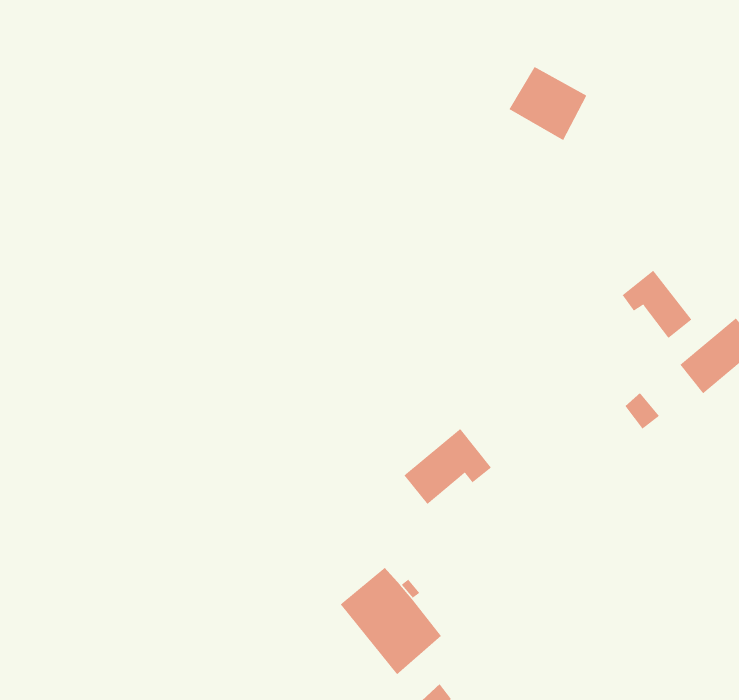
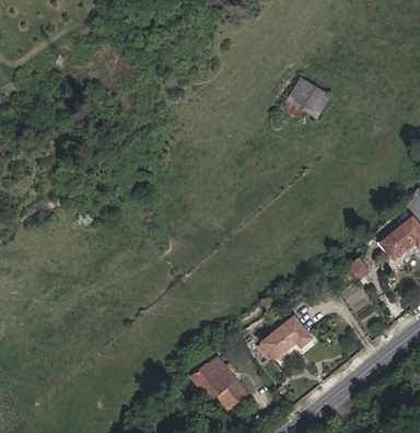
building: [622,270,692,339] -> none
building: [404,428,492,505] -> [261,316,311,359]

